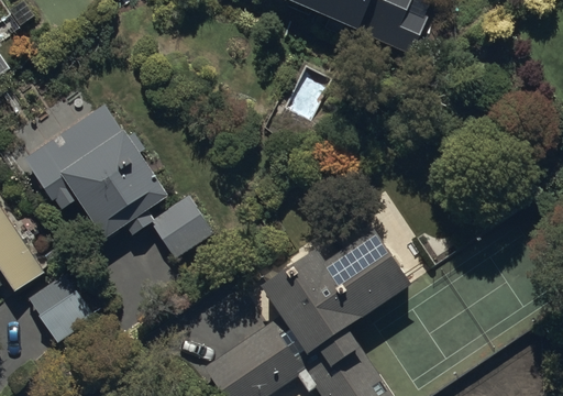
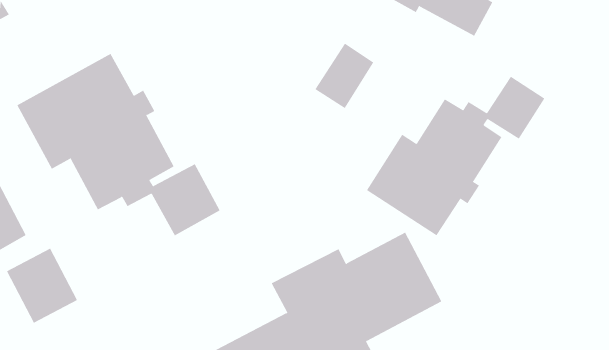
building: none -> [366,76,545,236]

